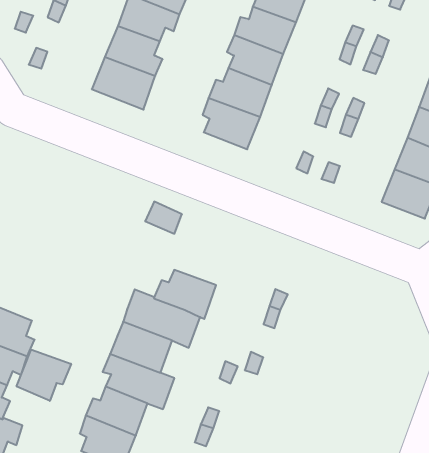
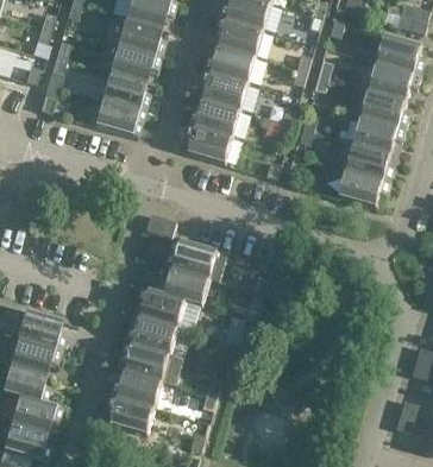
building: none -> [165,236,226,279]
building: [17,349,71,401] -> none

